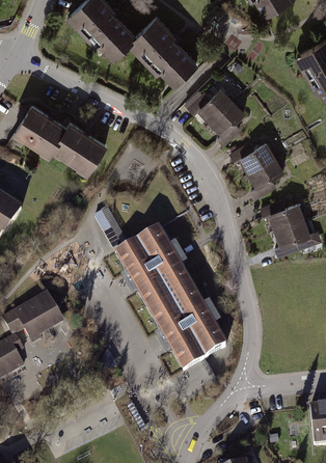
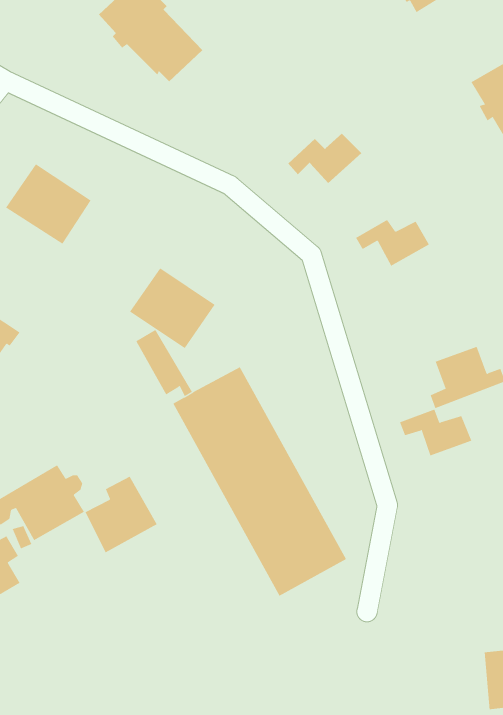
building: [131,18,195,84] -> none
building: [212,101,244,146] -> none
building: [52,125,105,174] -> [129,268,216,349]
building: [249,157,282,198] -> none
building: [259,199,303,228] -> [399,409,472,456]
building: none -> [85,476,157,553]

